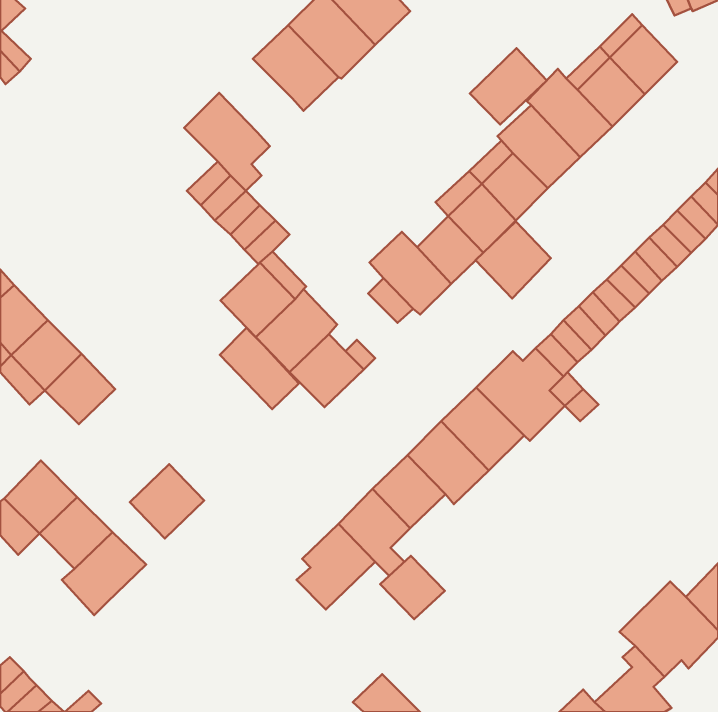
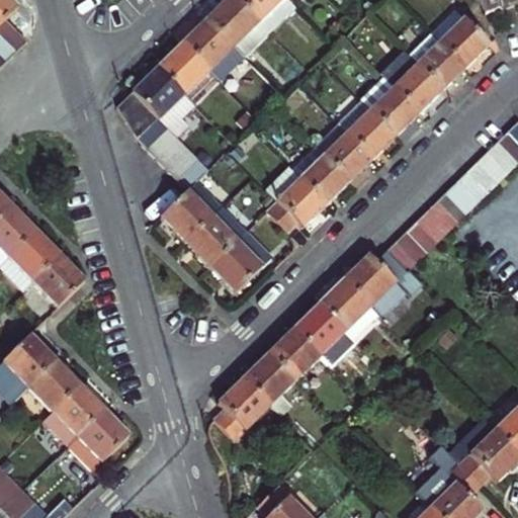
building: [470,48,547,124] -> none
building: none -> [158,42,210,95]
building: none -> [116,92,157,138]
building: [476,222,551,298] -> none
building: [220,328,299,409] -> none
building: [130,464,204,539] -> [77,407,131,460]
building: [380,556,445,619] -> none

